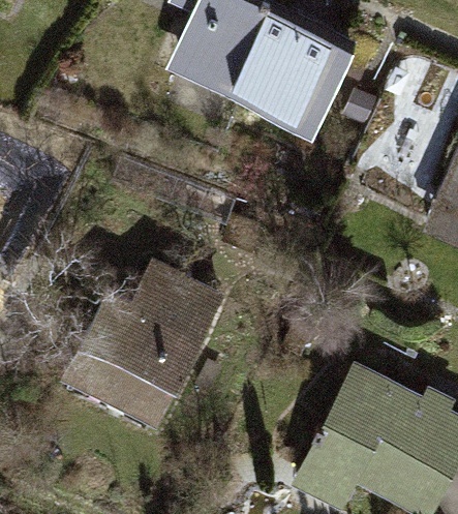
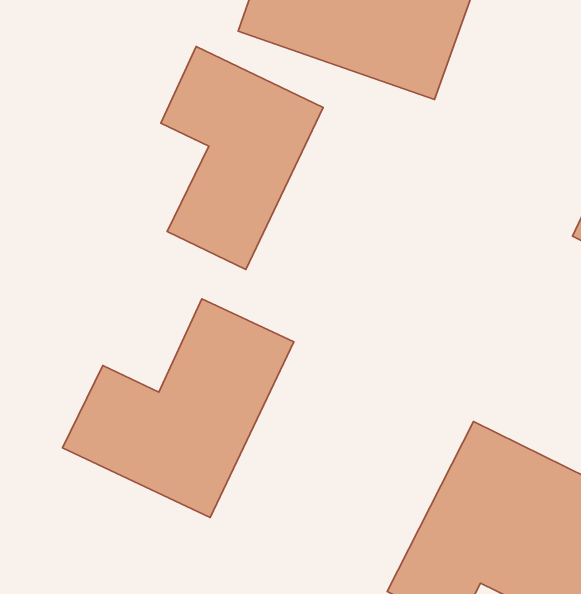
building: none -> [161,46,323,269]

